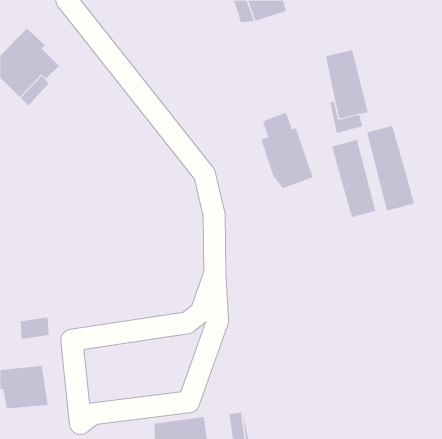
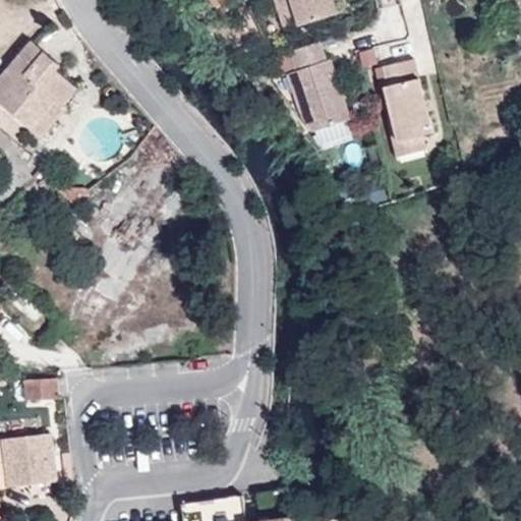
building: [260,112,313,189] -> [288,45,350,135]
building: [366,125,415,212] -> none
building: [332,139,376,218] -> none

